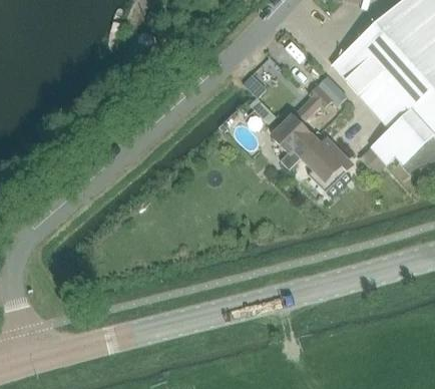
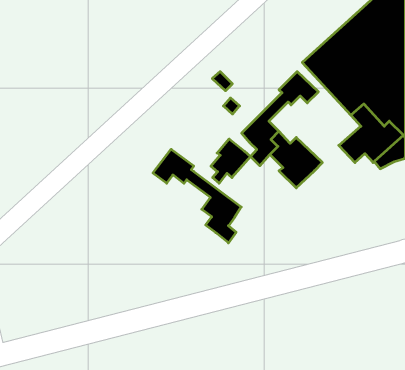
building: none -> [211,139,251,183]
building: none -> [153,149,241,243]

